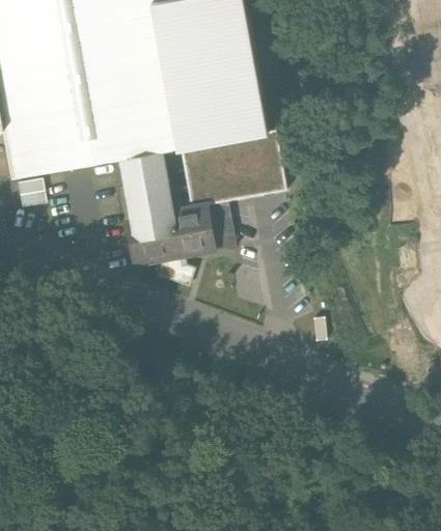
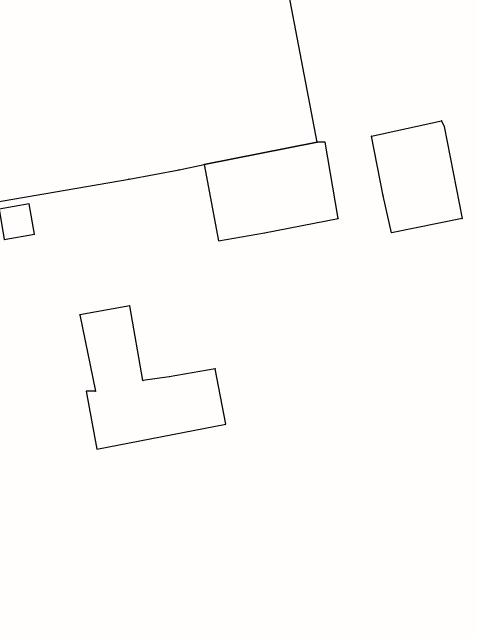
building: none -> [372,121,462,233]
building: [126,150,241,263] -> [80,306,226,449]

